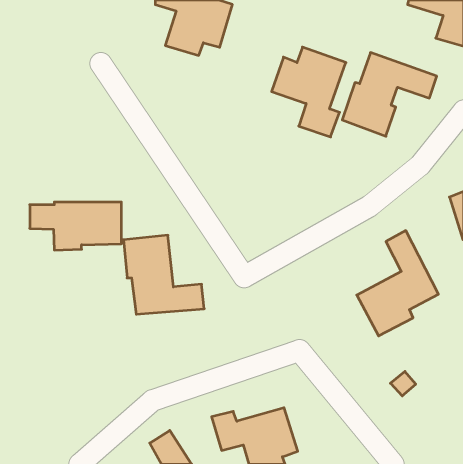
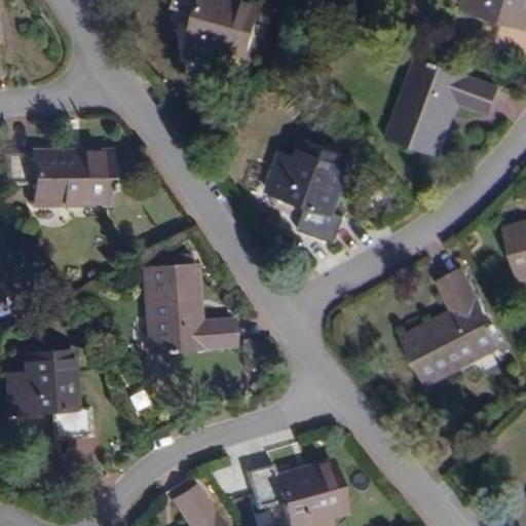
building: [272,47,346,137] -> [270,142,354,243]
building: [30,202,121,250] -> [5,152,109,206]
building: none -> [7,346,90,434]

